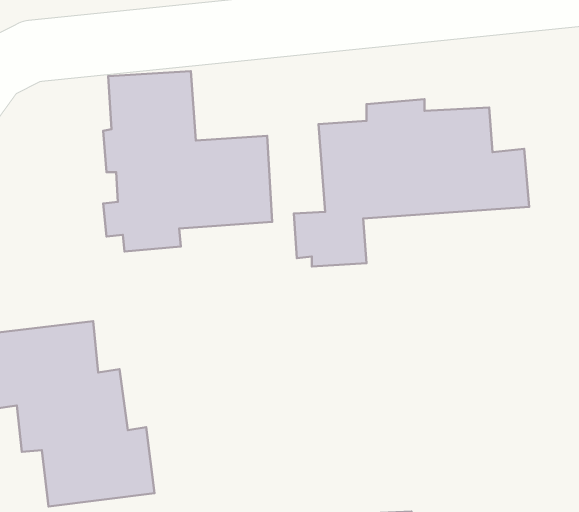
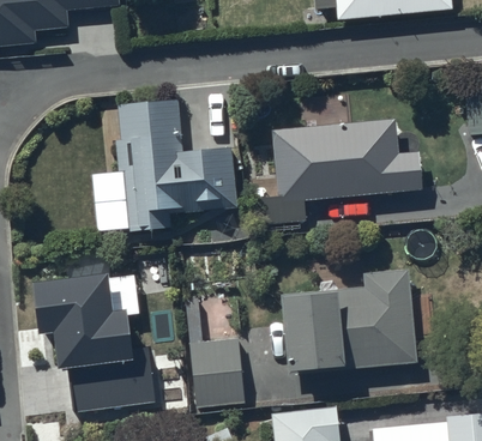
building: none -> [283,266,417,367]
building: none -> [185,301,243,398]

